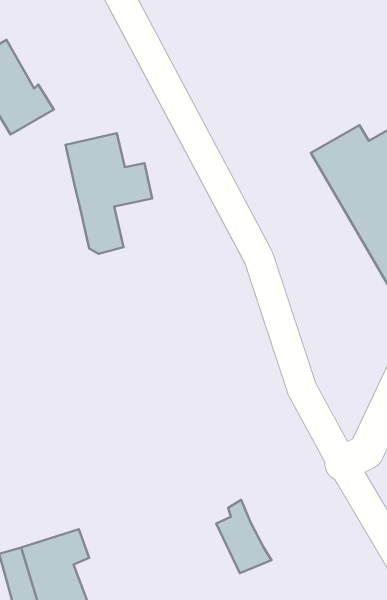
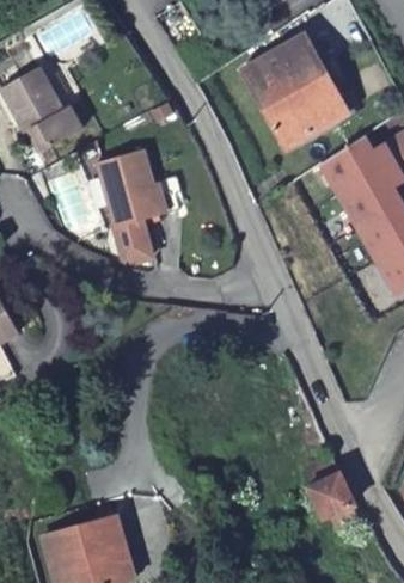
building: none -> [256,42,351,146]
building: [216,500,271,573] -> [307,450,357,517]

